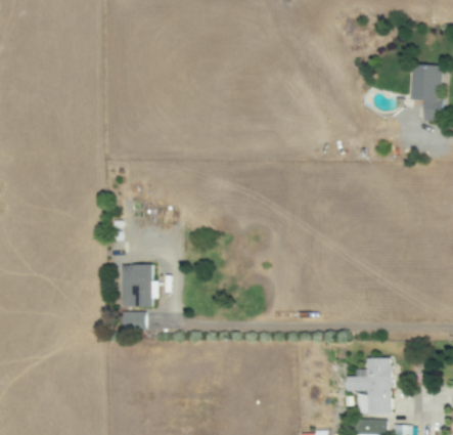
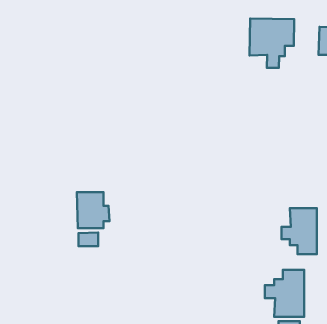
building: none -> [249,18,294,68]
building: none -> [281,208,317,254]

